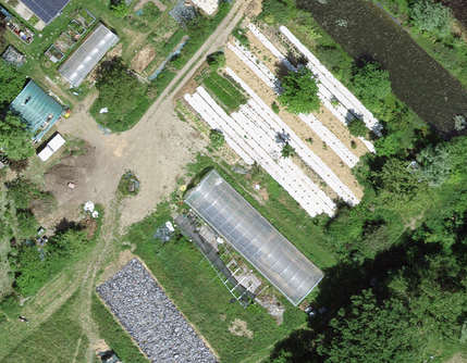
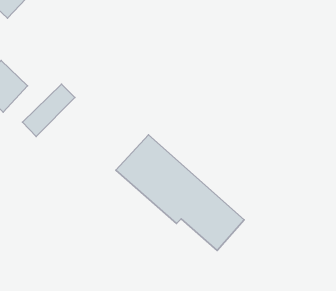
building: [57,22,120,85] -> [23,84,75,136]

